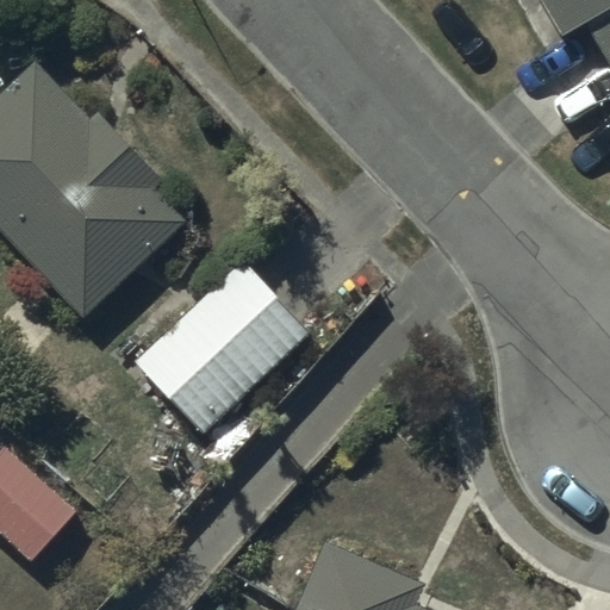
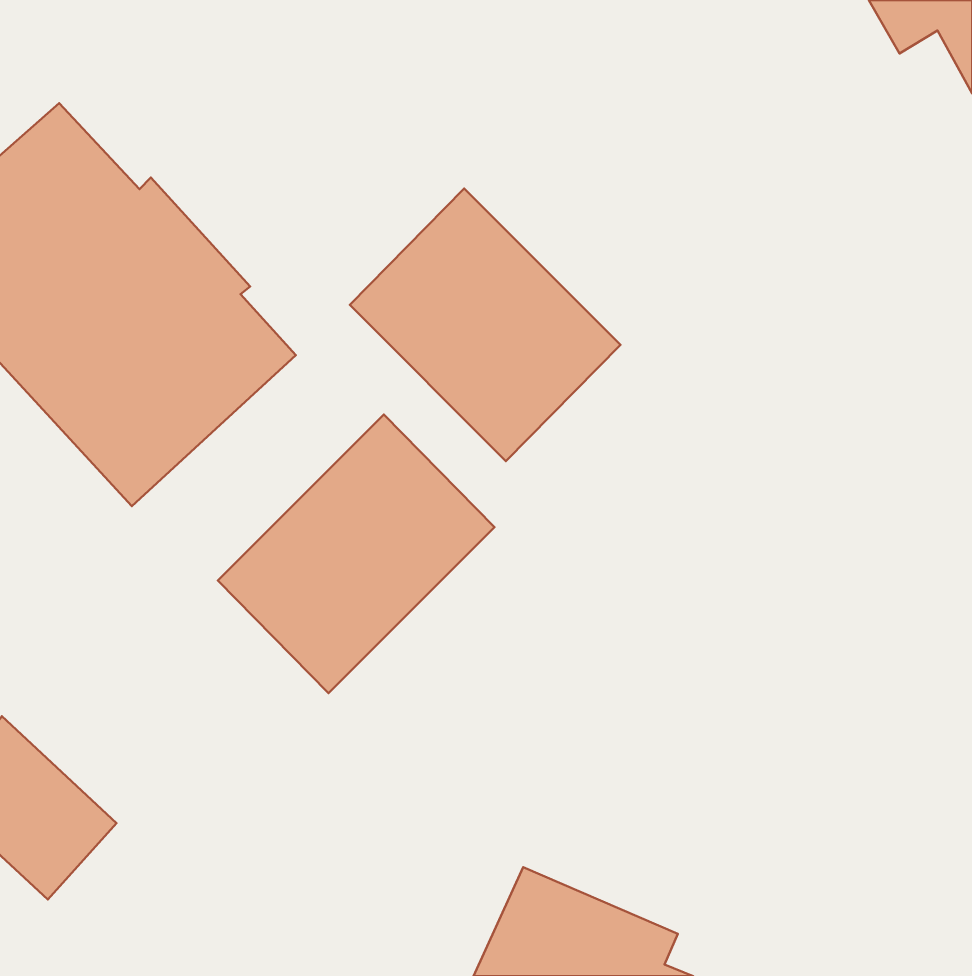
building: none -> [350,189,620,461]

